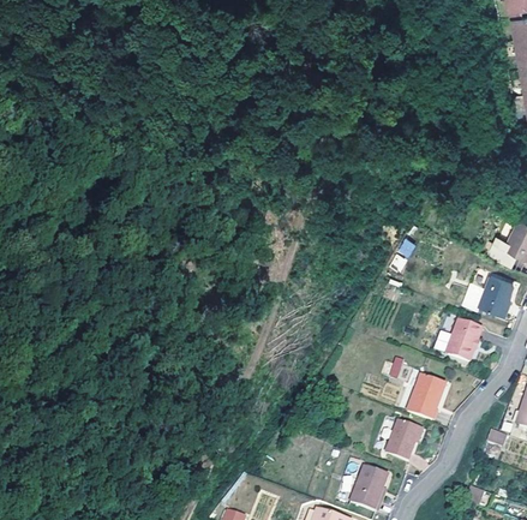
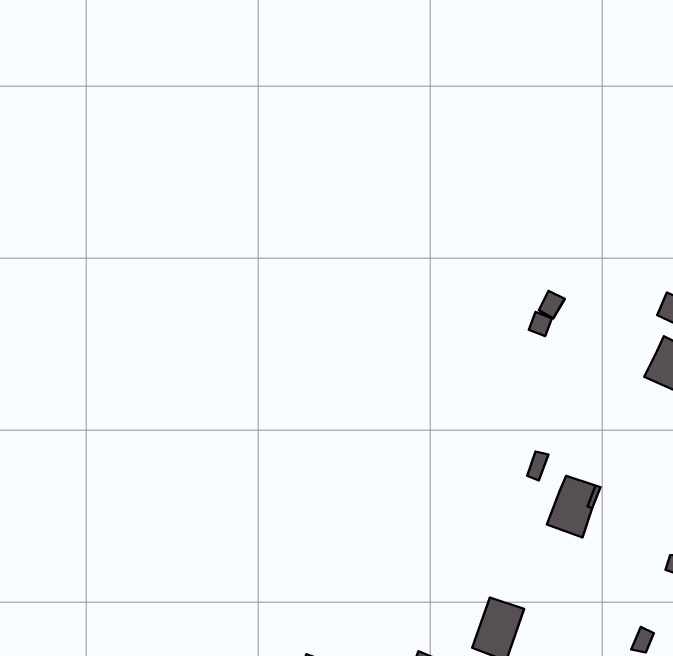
building: [445,317,479,359] -> none
building: [388,418,421,458] -> none

